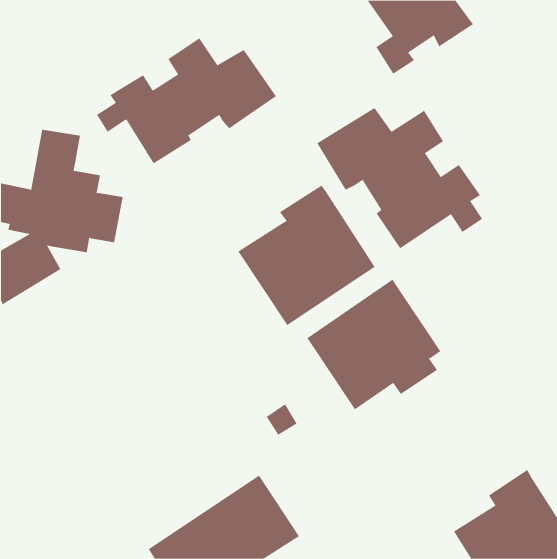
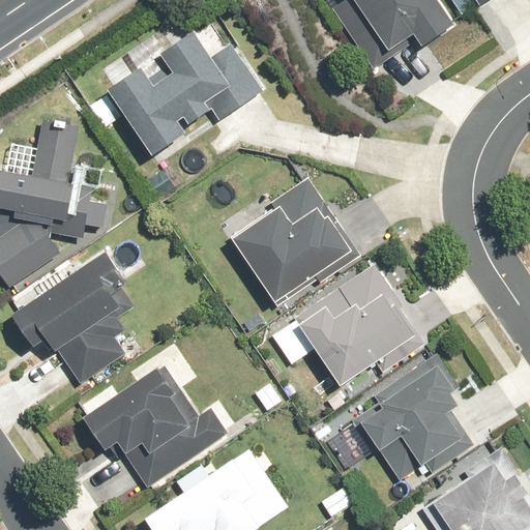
building: [316,107,483,249] -> none
building: none -> [7,254,136,382]
building: none -> [357,354,474,472]
building: none -> [79,364,227,489]

